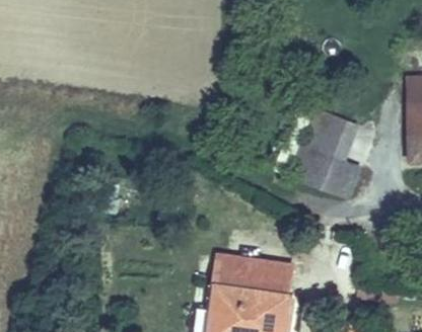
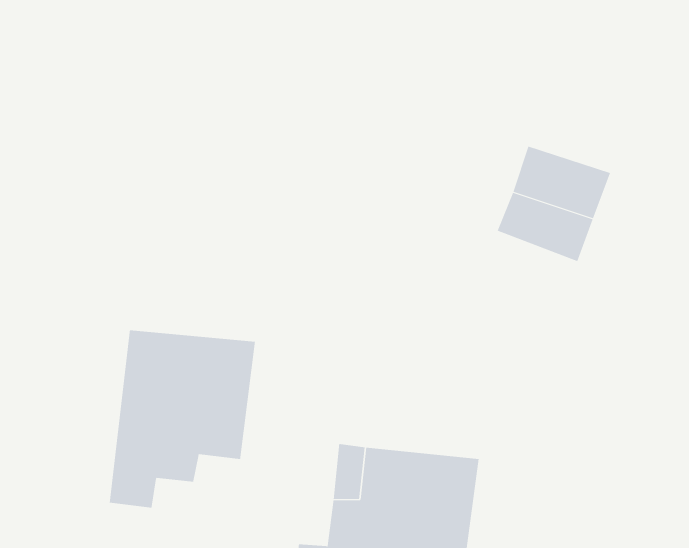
building: [293,148,359,198] -> none
building: none -> [109,329,256,509]

